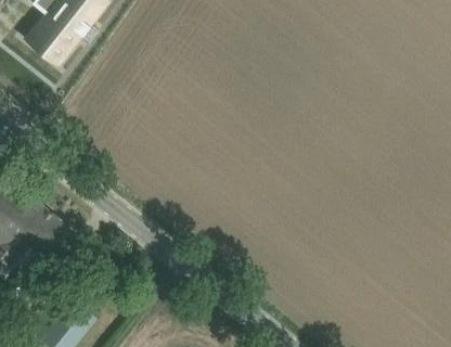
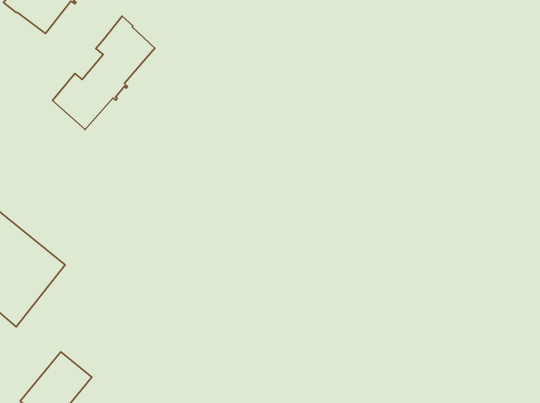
building: none -> [52,16,155,129]

